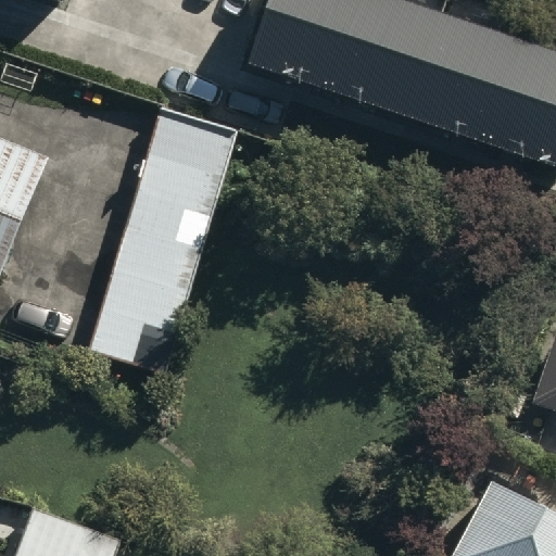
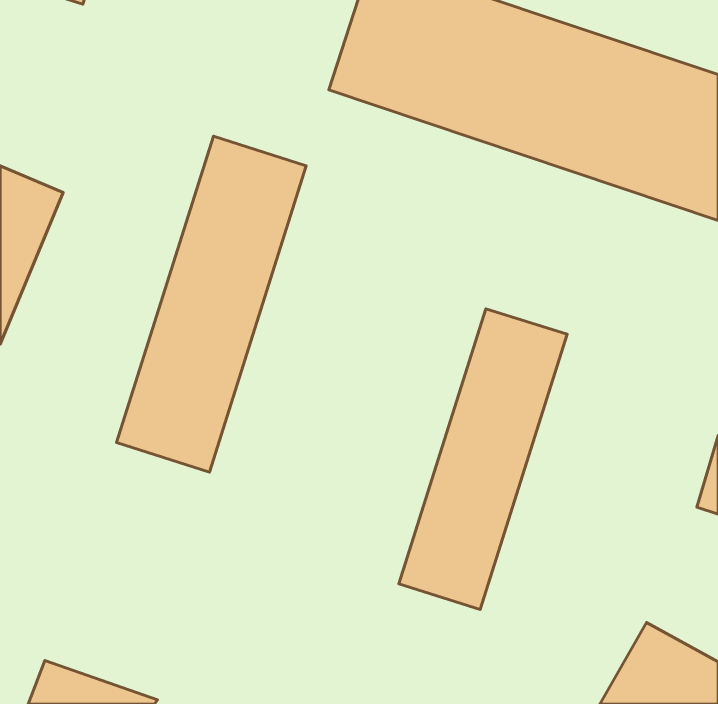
building: none -> [399,309,567,609]

